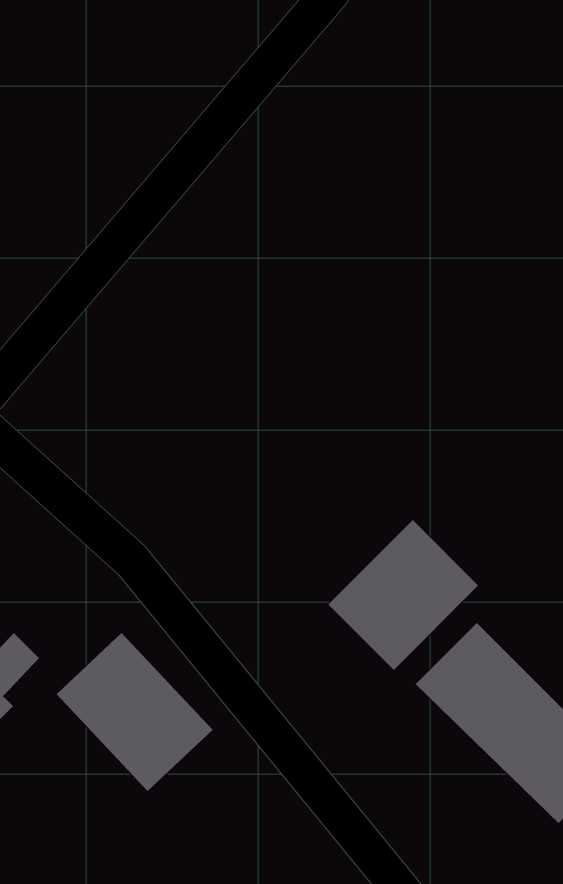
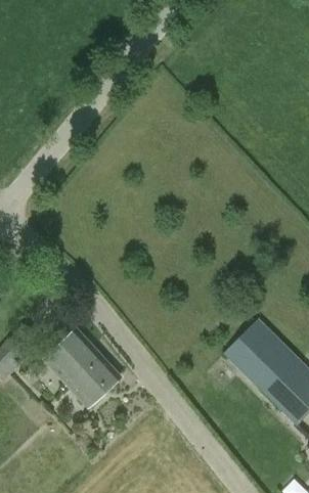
building: [327,519,479,671] -> none

